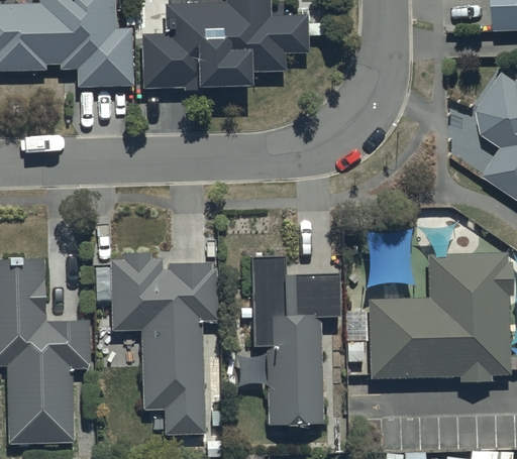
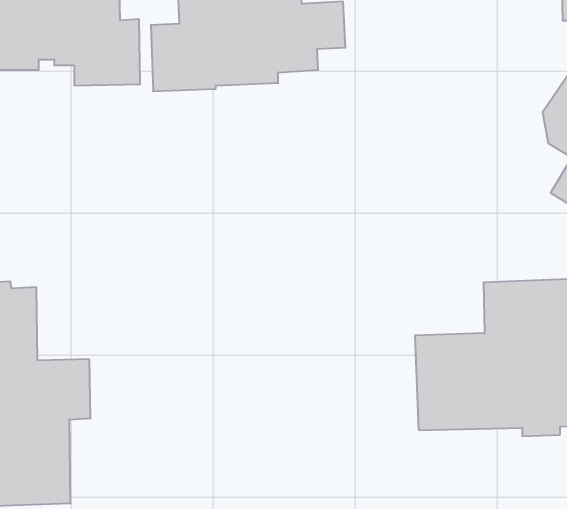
building: [109,252,216,434] -> none
building: [249,255,338,424] -> none

